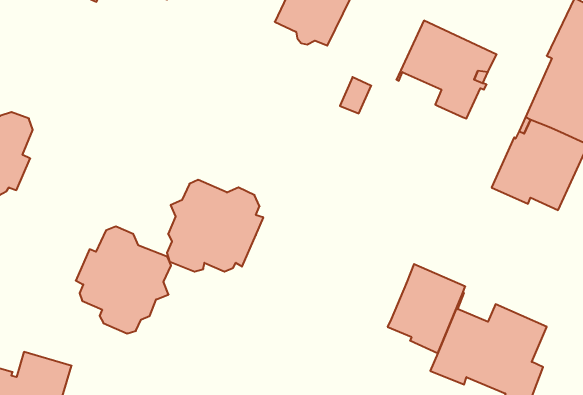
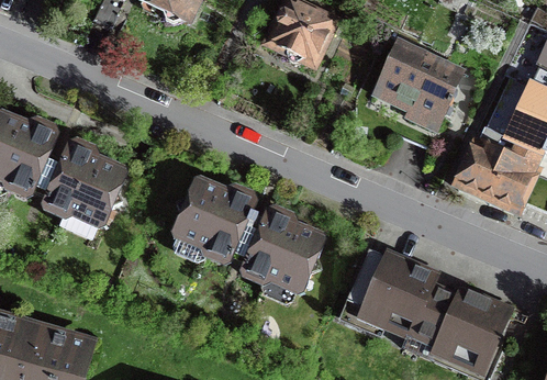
building: none -> [241,208,324,301]
building: [76,227,171,333] -> [43,141,126,234]
building: none -> [341,244,391,332]

